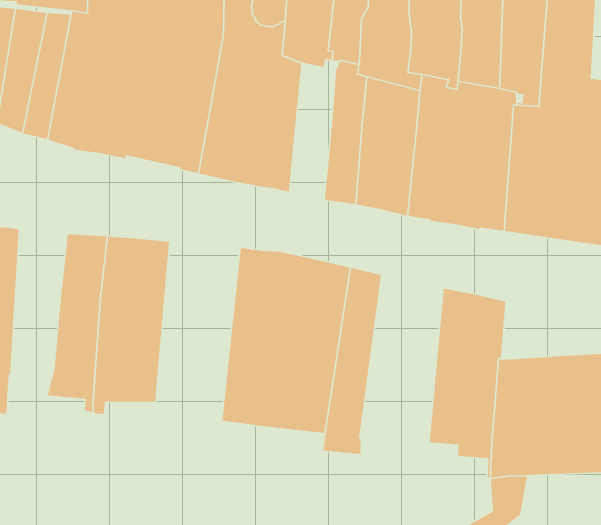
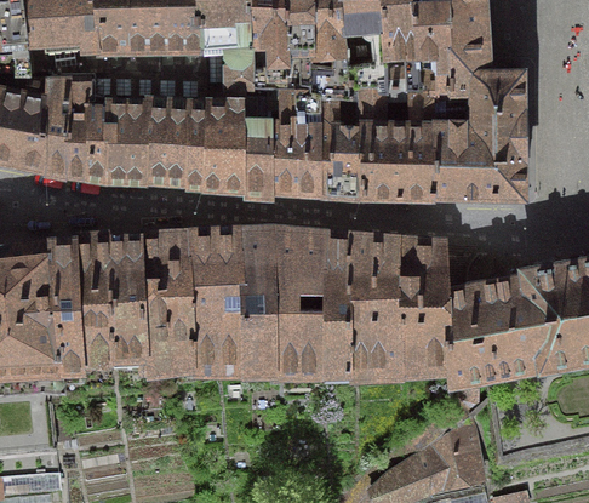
building: none -> [269,90,299,195]
building: none -> [74,246,114,376]
building: none -> [188,239,245,383]
building: none -> [350,245,402,379]

